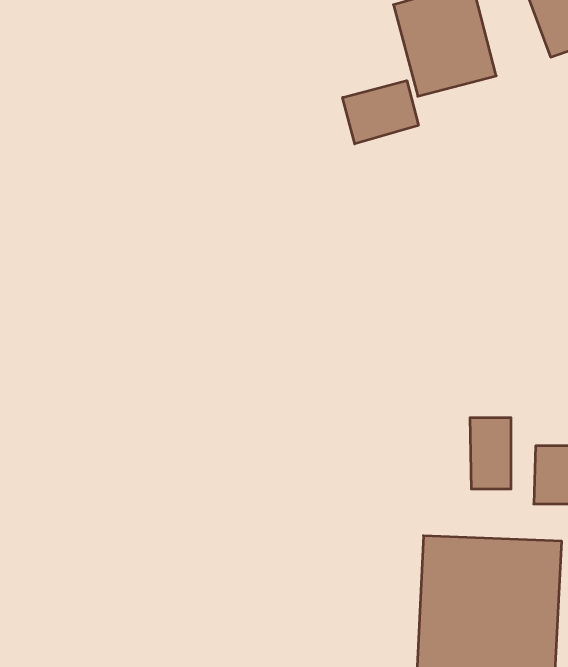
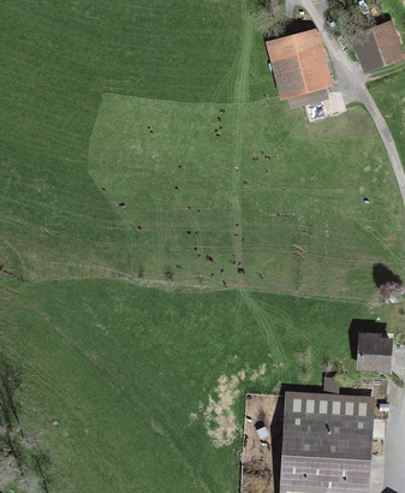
building: [343,81,418,144] -> none
building: [470,418,511,489] -> none

